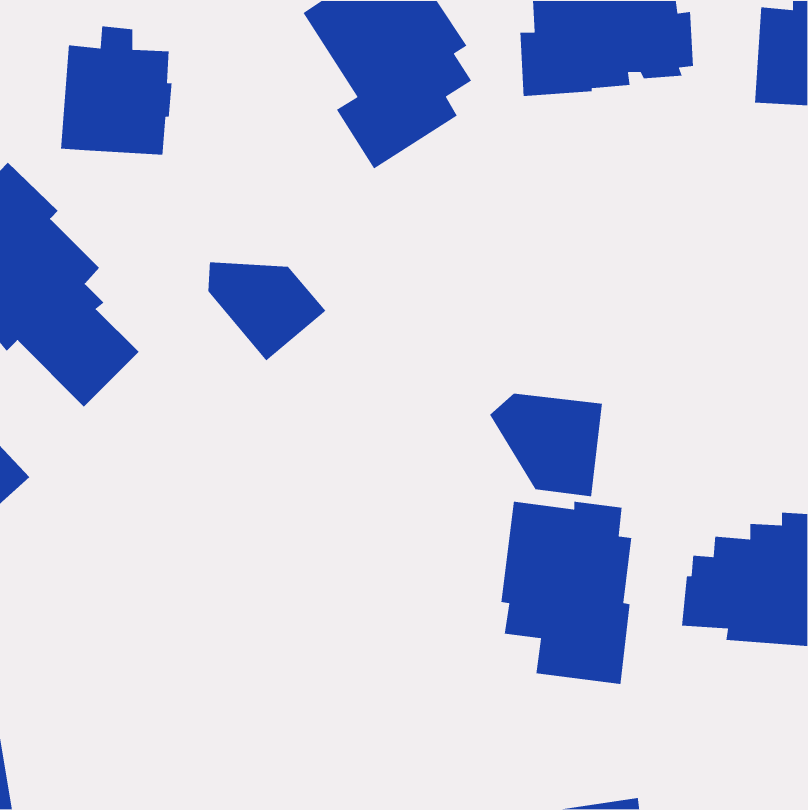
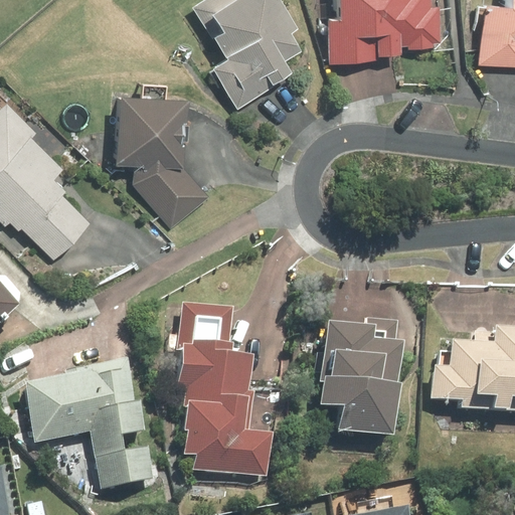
building: [60,26,173,155] -> [118,87,189,169]
building: [489,393,603,497] -> none
building: none -> [175,300,272,477]
building: none -> [25,358,155,488]

